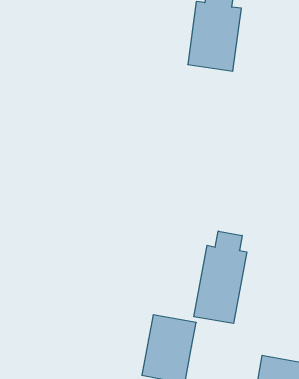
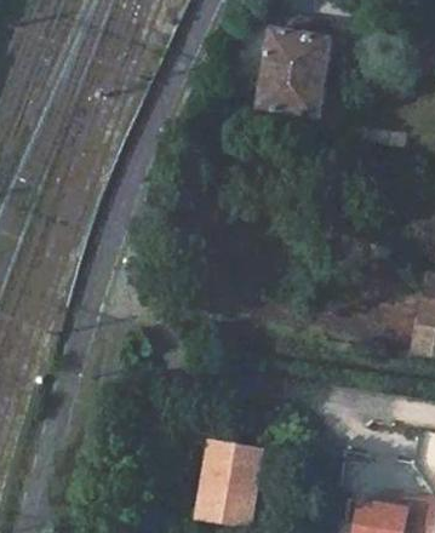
building: [194,231,247,323] -> none

